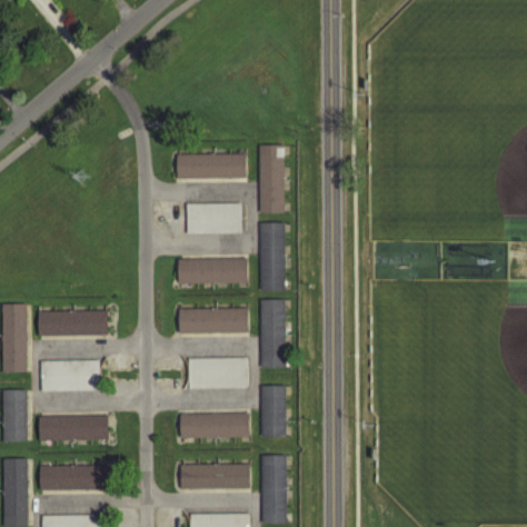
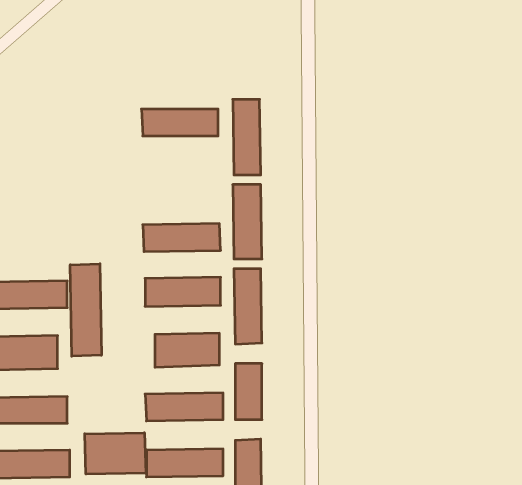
building: [186,203,241,235] -> none
building: none -> [70,264,101,356]
building: none -> [85,433,146,474]

